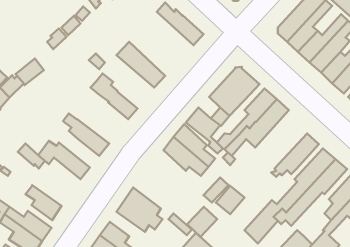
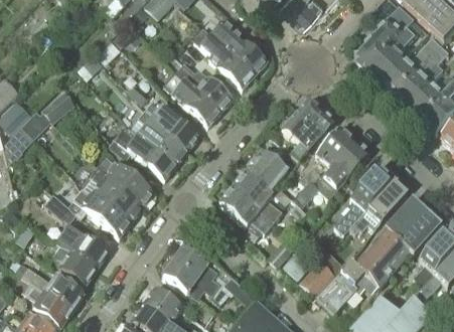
building: none -> [201,34,256,88]
building: none -> [178,61,235,112]
building: none -> [146,100,199,151]
building: none -> [120,126,177,178]
building: none -> [91,166,142,222]
building: none -> [335,168,393,234]
building: none -> [56,225,109,269]
building: [187,207,217,237] -> [300,261,336,297]

